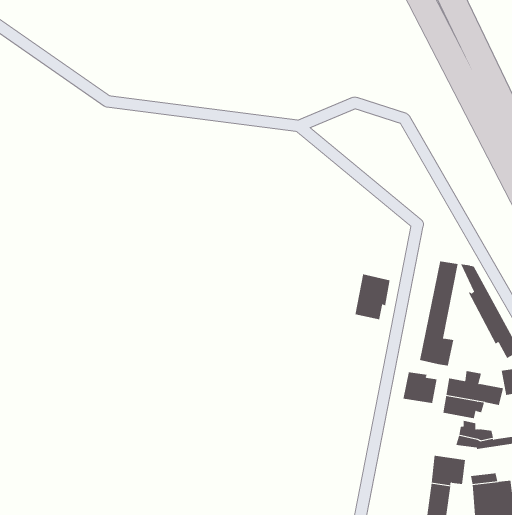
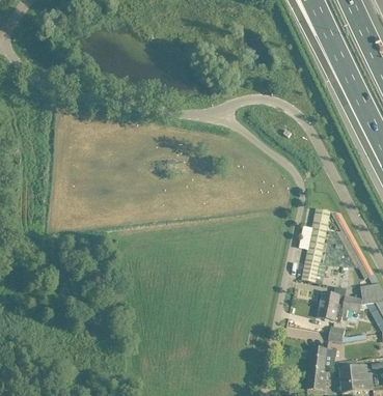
building: [355,274,390,320] -> none
building: [403,371,437,404] -> none

